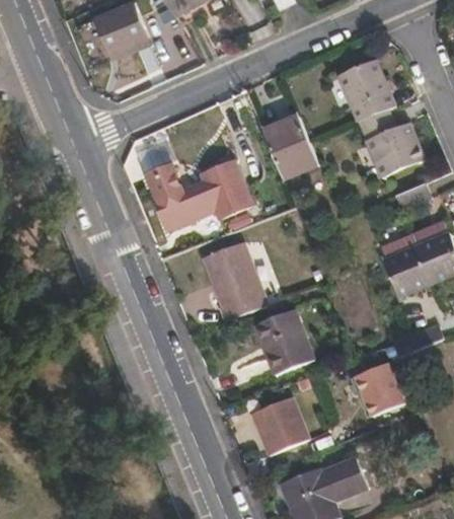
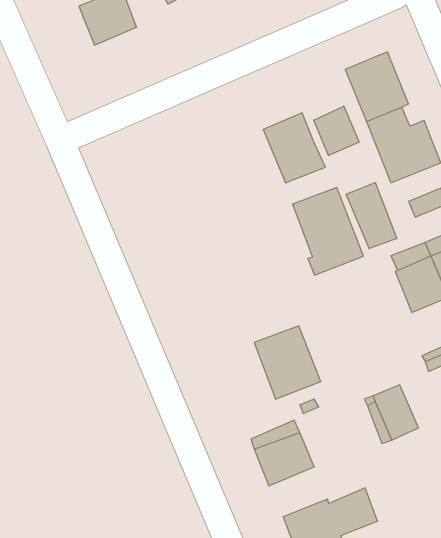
building: none -> [314,106,359,156]
building: [146,162,253,231] -> none
building: none -> [346,183,397,249]
building: [204,241,269,321] -> [292,187,363,275]

